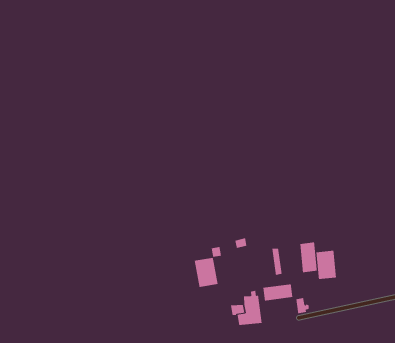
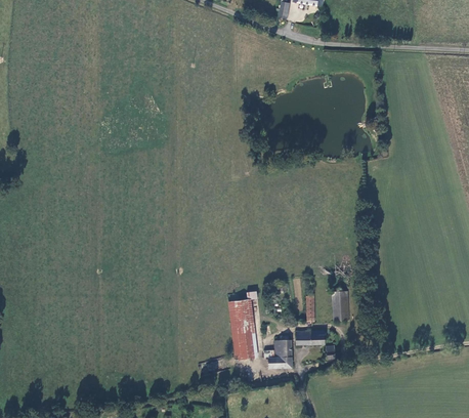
building: [316,250,336,280] -> none
building: none -> [232,326,255,360]

